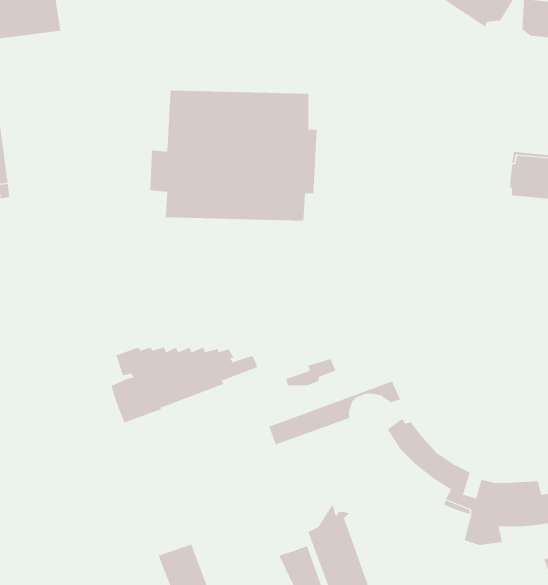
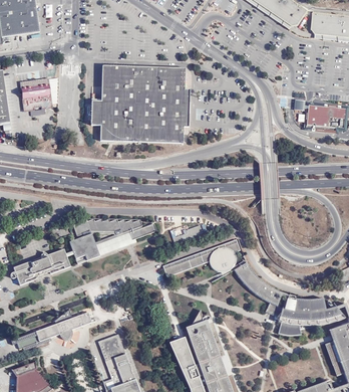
building: none -> [18,78,51,112]
building: none -> [210,246,236,272]
building: none -> [12,248,69,284]
building: none -> [9,309,93,351]

